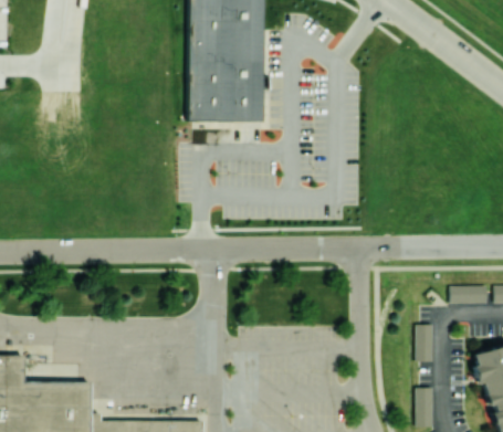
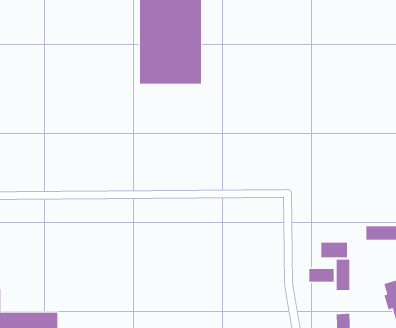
building: none -> [321,242,348,258]
building: none -> [309,268,334,282]

